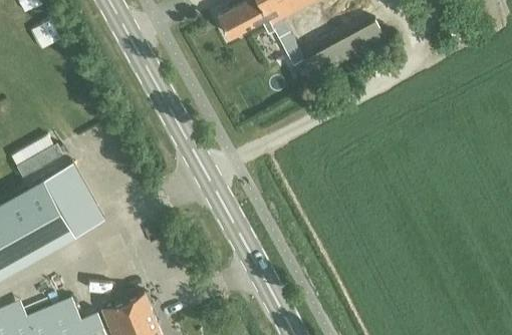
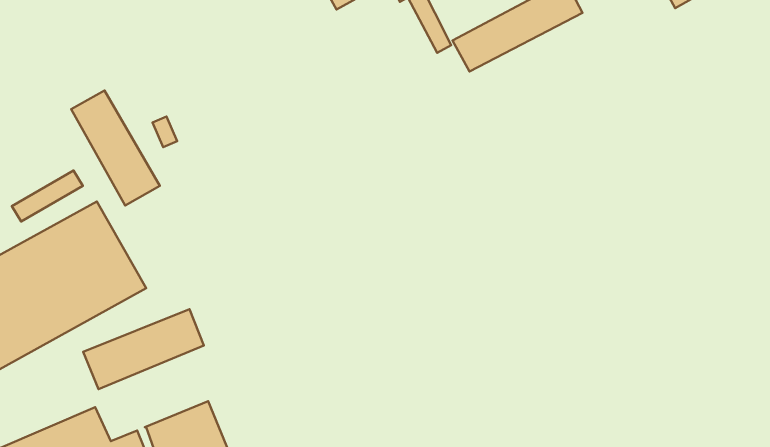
building: none -> [71,90,160,206]
building: none -> [83,309,204,389]

